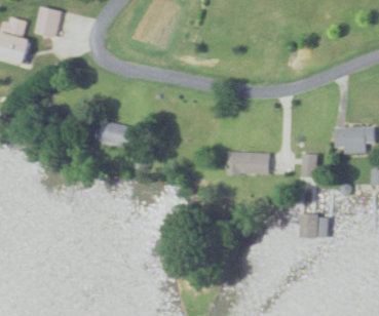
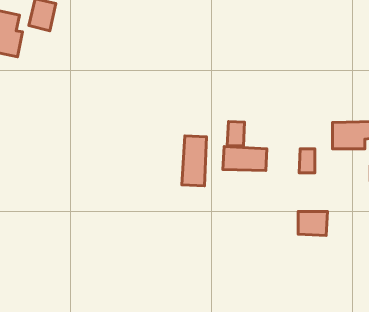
building: [100,121,129,145] -> none
building: none -> [227,122,245,146]
building: none -> [182,136,206,186]

